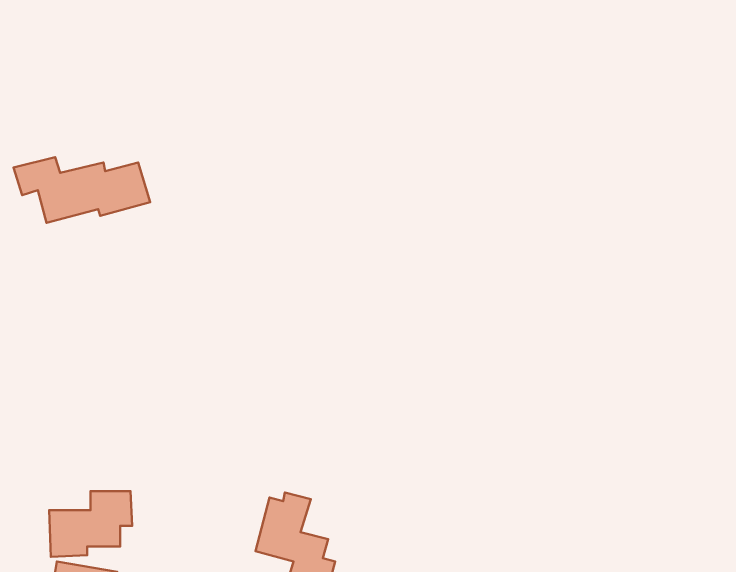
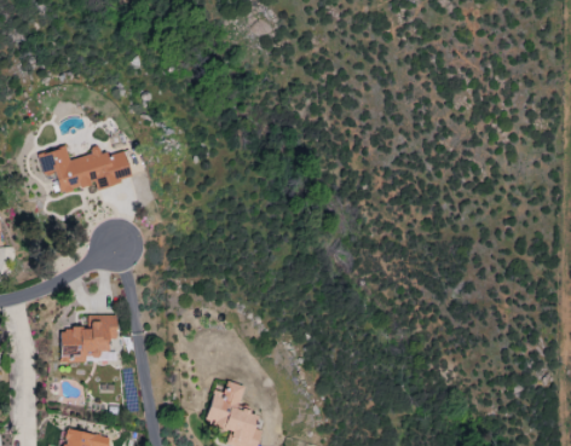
building: [49,491,132,557] -> [59,314,117,360]

